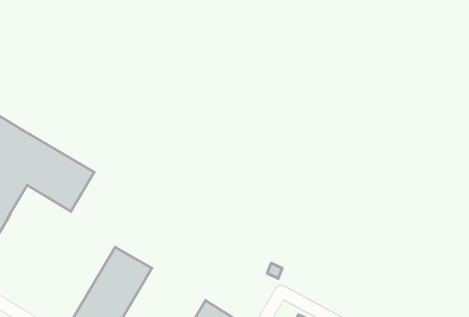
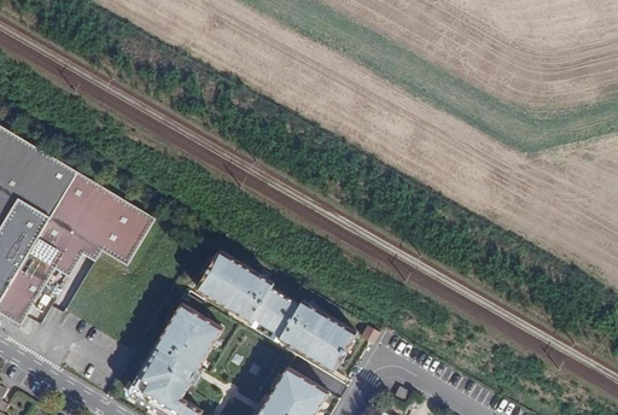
building: none -> [53,232,100,274]
building: none -> [194,251,356,374]

